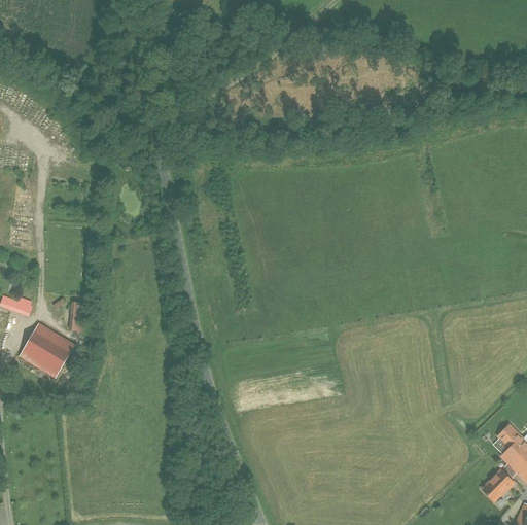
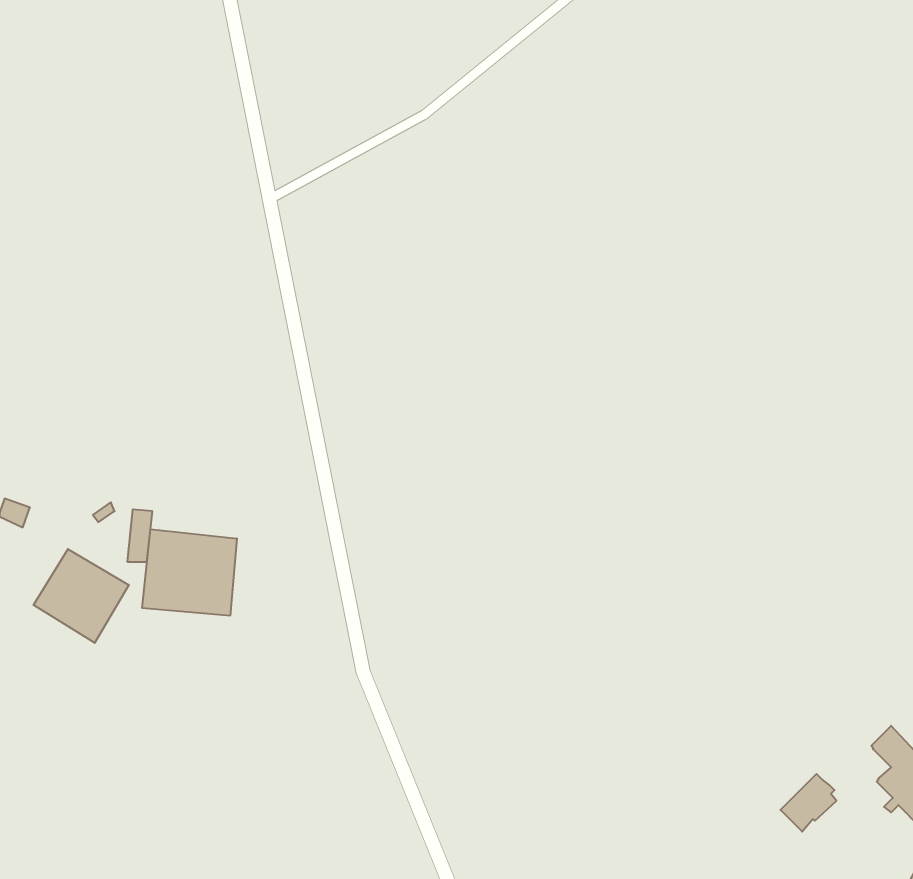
building: none -> [142,529,237,616]
building: [482,467,514,500] -> [780,774,836,832]

